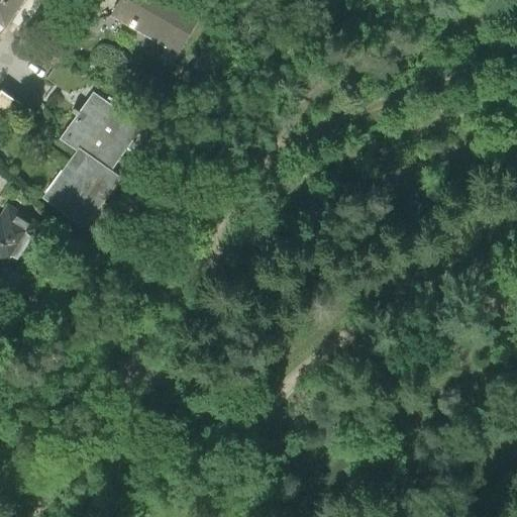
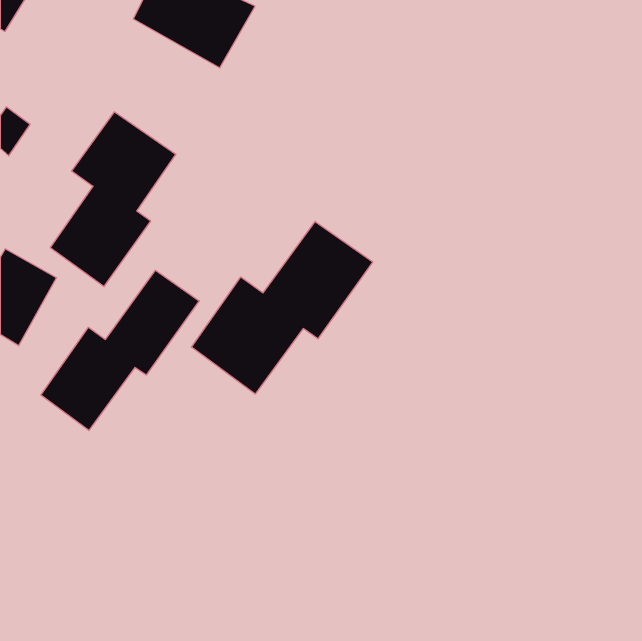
building: none -> [191,221,373,394]
building: none -> [41,270,199,431]

